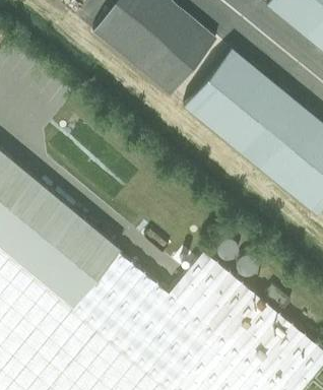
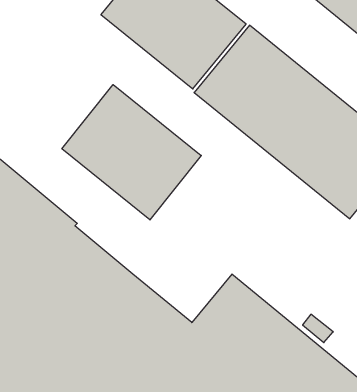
building: none -> [62,85,201,220]

